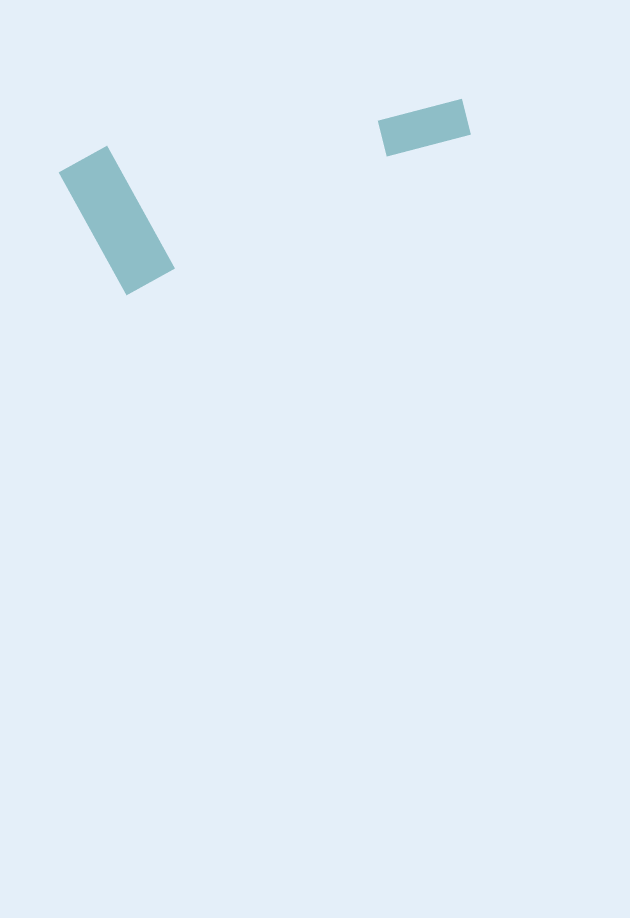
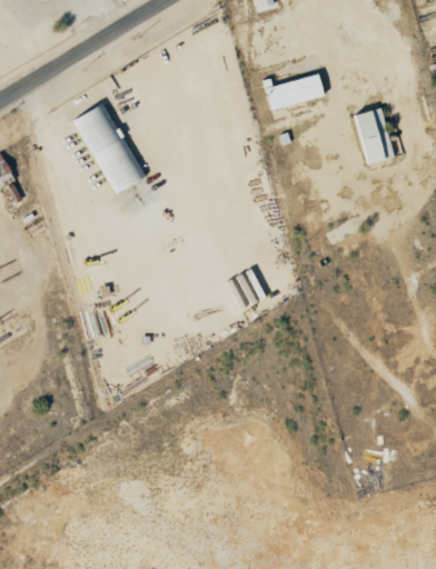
building: none -> [351,107,393,163]

